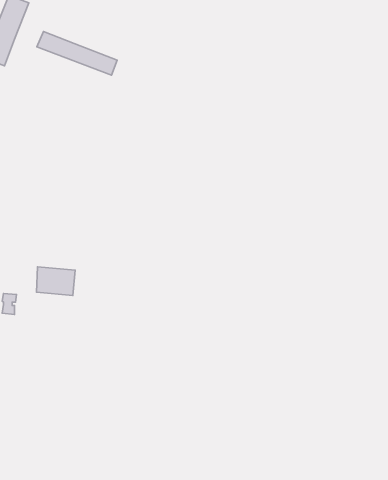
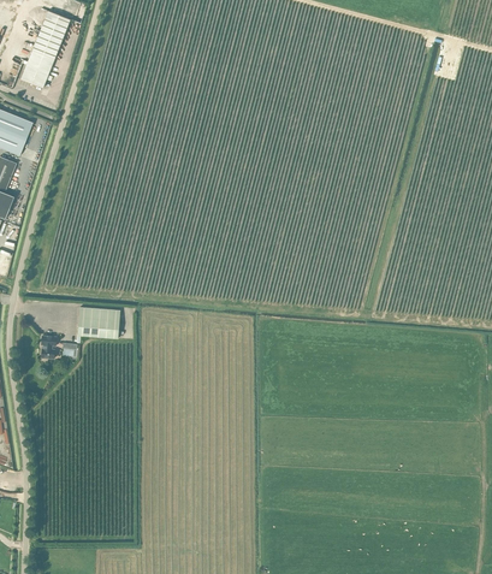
building: [37,31,117,75] -> none

